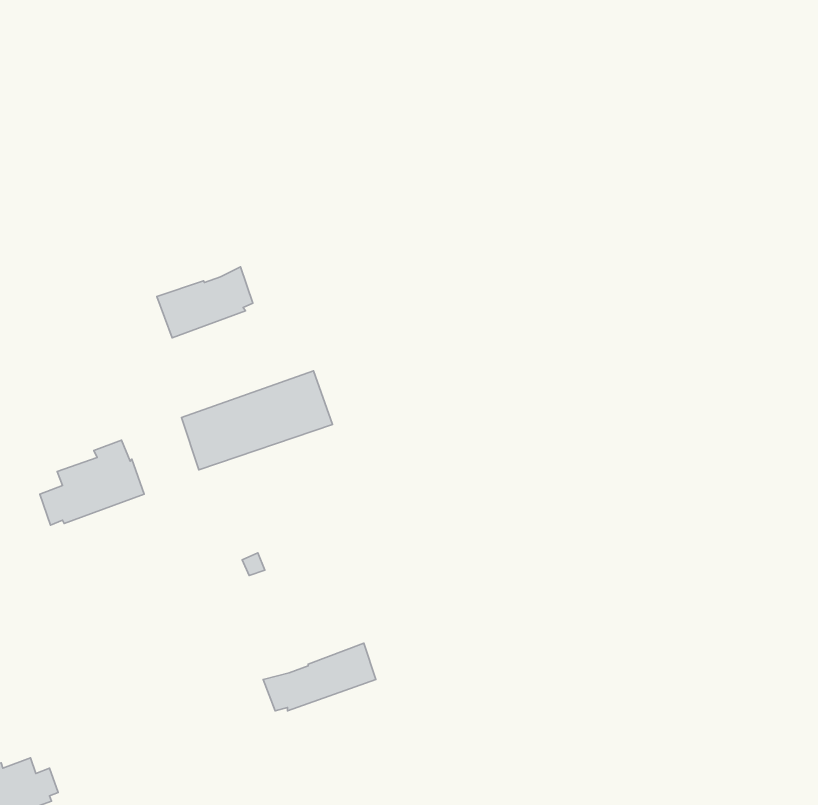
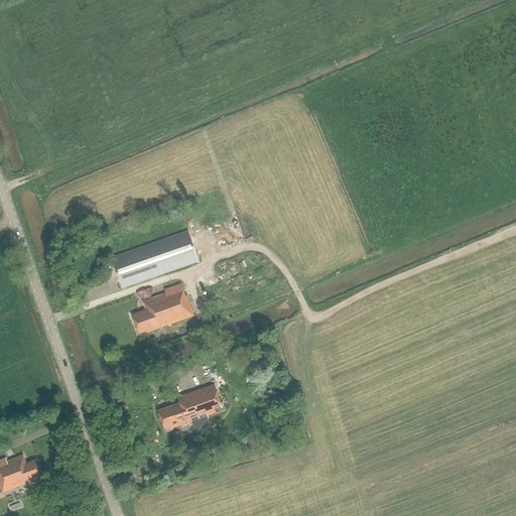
building: [157,267,253,338] -> none
building: [40,440,144,525] -> [132,283,192,333]

